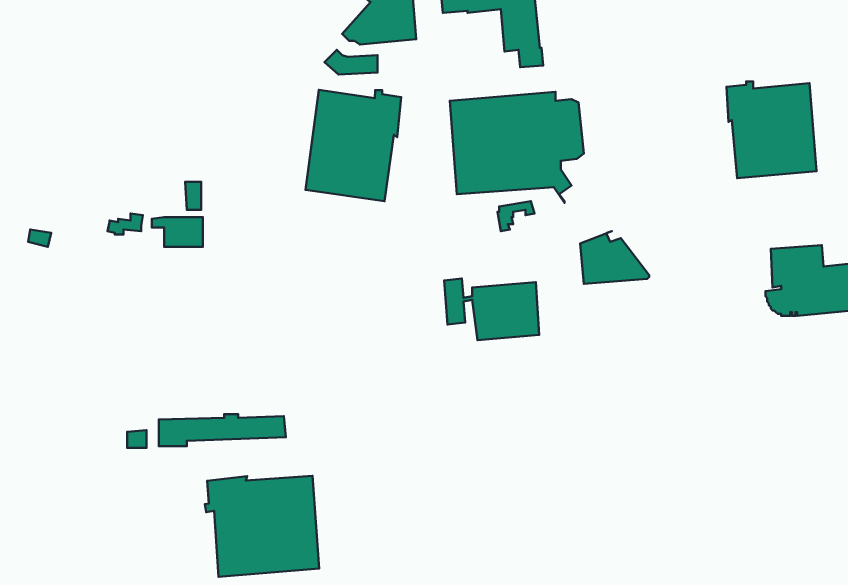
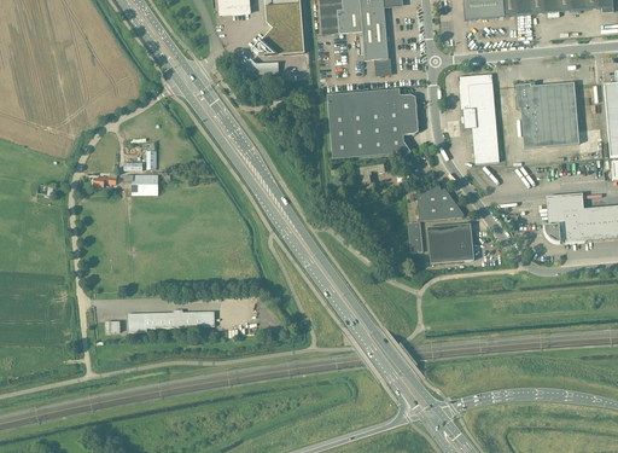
building: none -> [460,76,499,163]
building: [306,90,401,201] -> none
building: [444,279,539,340] -> [408,221,473,263]
building: [205,476,319,577] -> none

